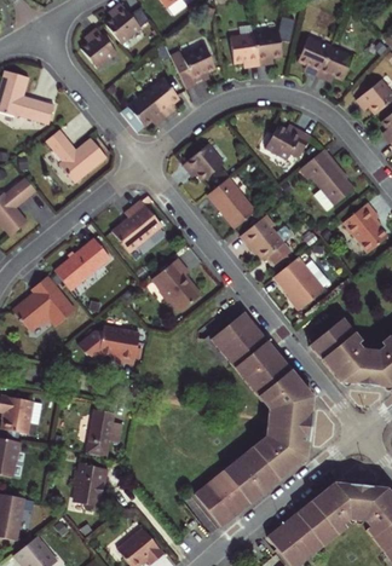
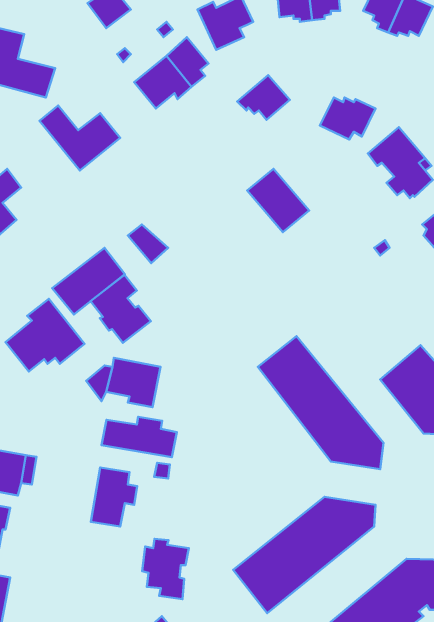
building: [180,146,221,181] -> [237,75,290,120]
building: [125,201,165,242] -> none
building: [241,216,292,266] -> none
building: [277,258,333,311] -> none
building: [155,259,202,312] -> [90,275,151,343]
building: none -> [102,417,177,457]
building: [267,409,311,443] -> none
building: [73,464,109,512] -> [142,539,189,599]

